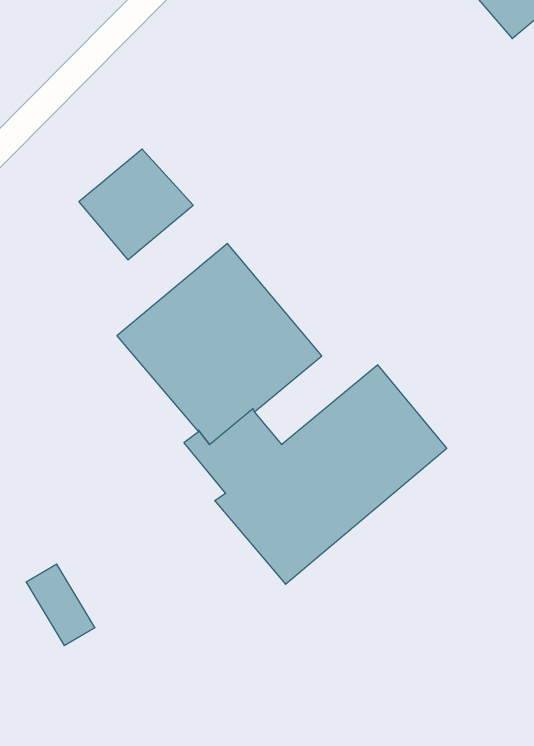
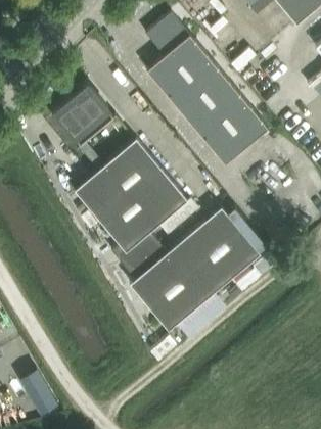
building: none -> [146,13,268,163]
building: [26,564,95,646] -> [19,369,58,415]

